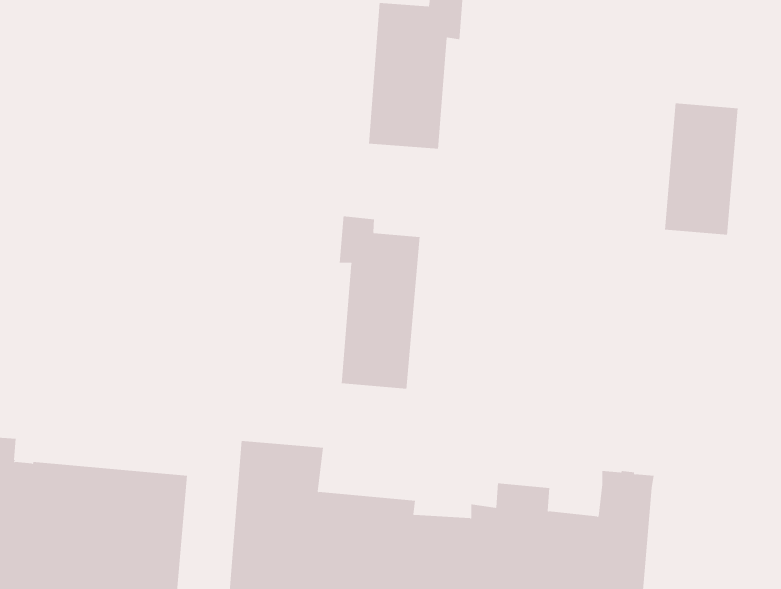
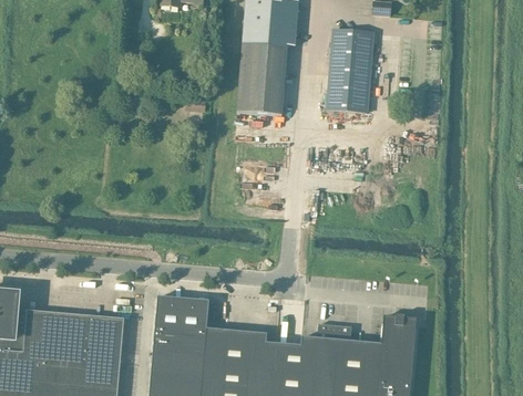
building: [664,103,738,235] -> [326,28,372,111]
building: [339,215,420,389] -> none

